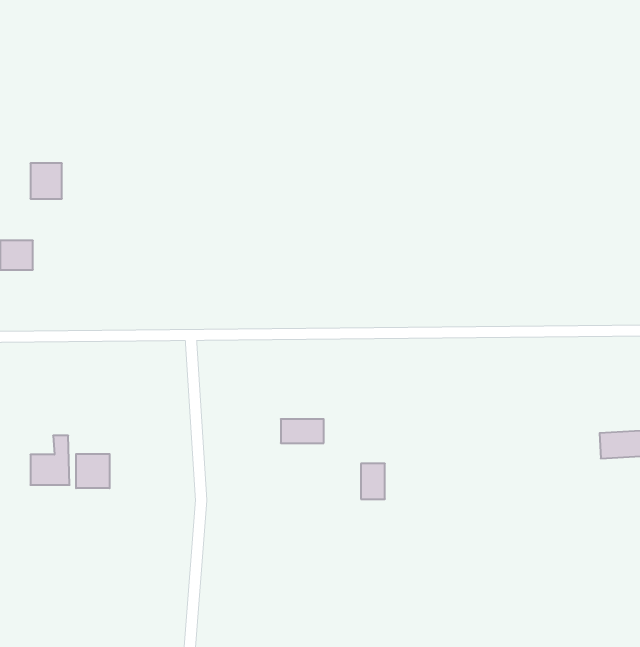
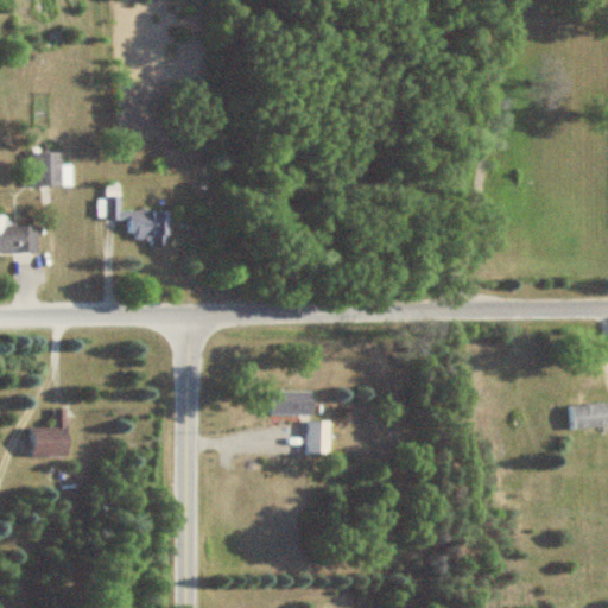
building: none -> [100,184,167,242]
building: [76,454,110,488] -> none
building: [361,464,385,499] -> [305,424,328,457]

